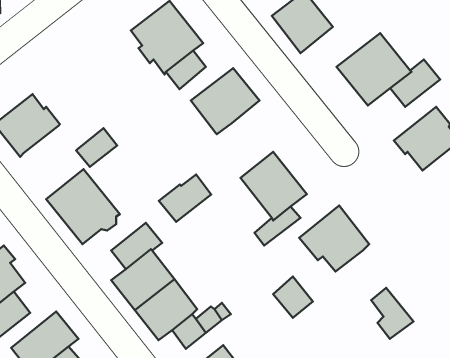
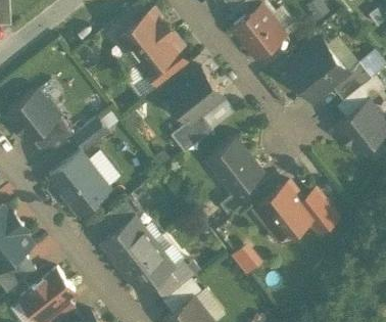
building: none -> [32,117,76,158]
building: [159,175,211,222] -> [172,114,214,153]
building: [371,288,414,339] -> [304,190,339,232]

